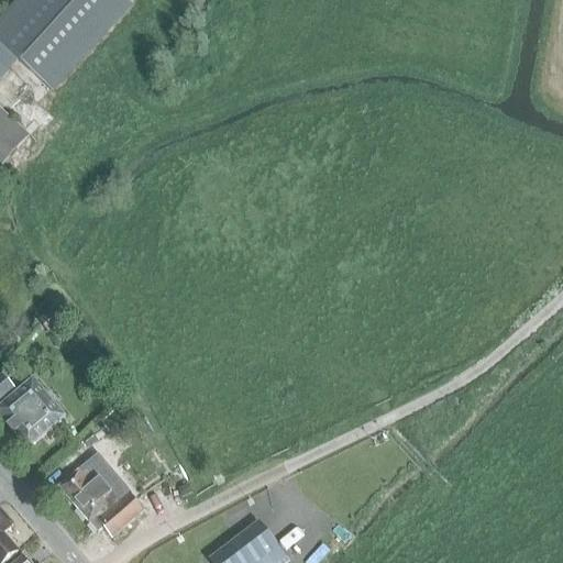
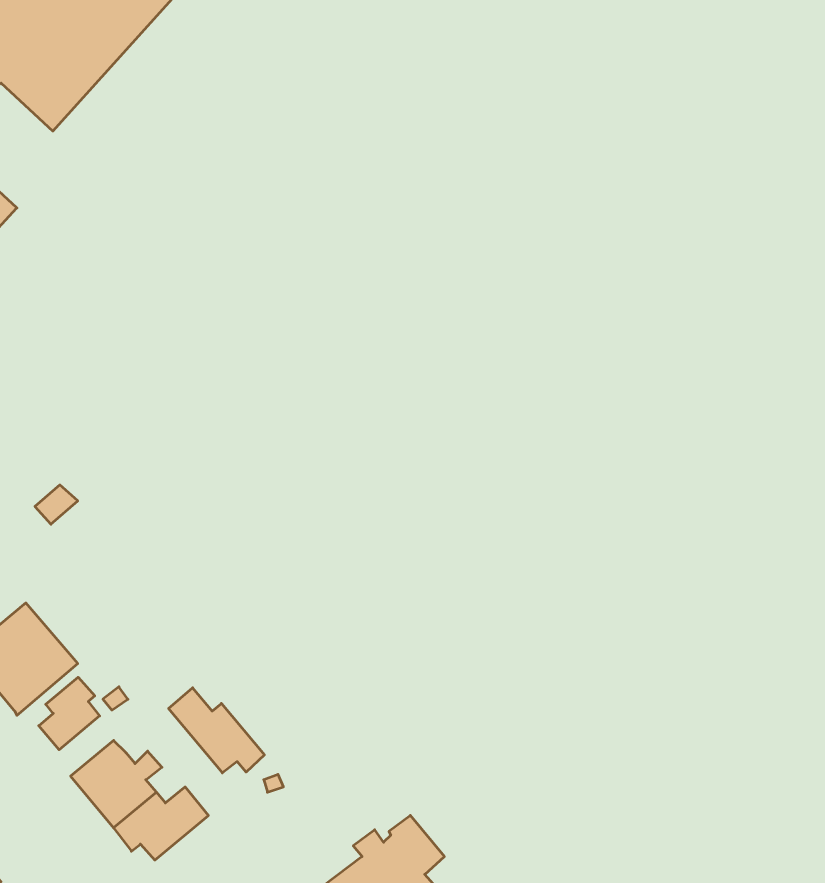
building: none -> [39,677,100,750]
building: none -> [169,688,264,773]

